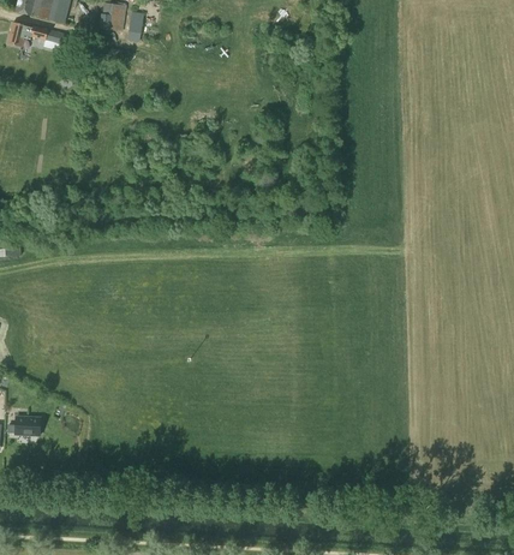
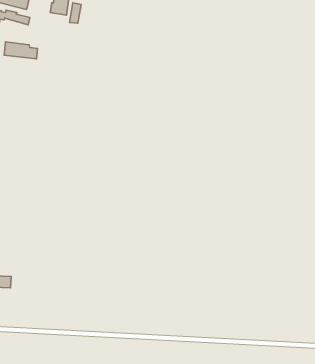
building: none -> [4,42,38,59]

